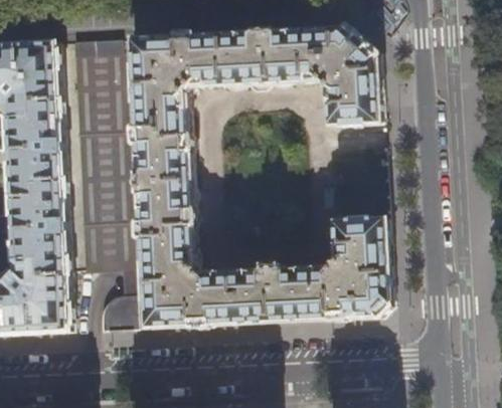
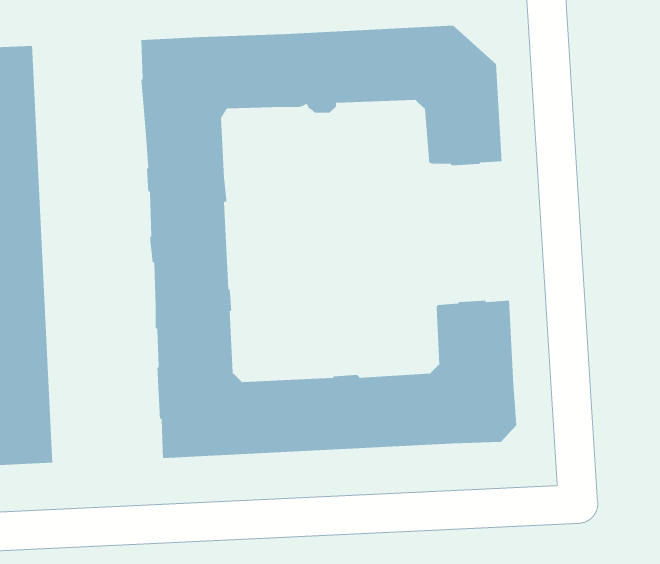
building: [67,40,131,331] -> none

